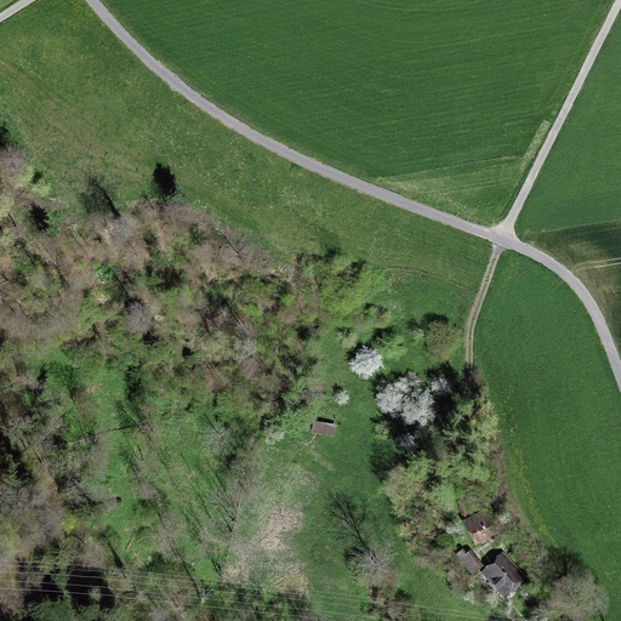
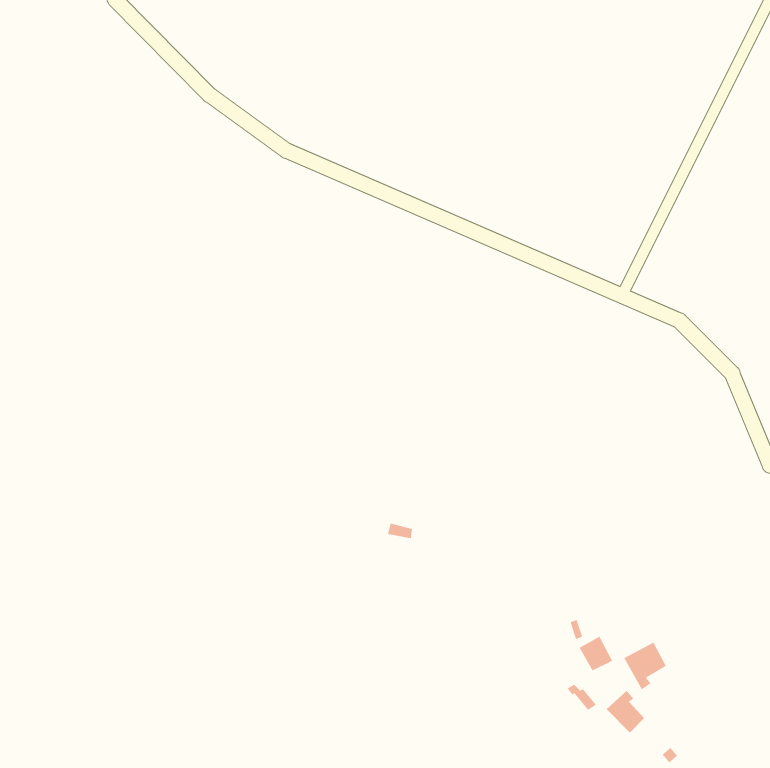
building: none -> [623,642,667,690]

